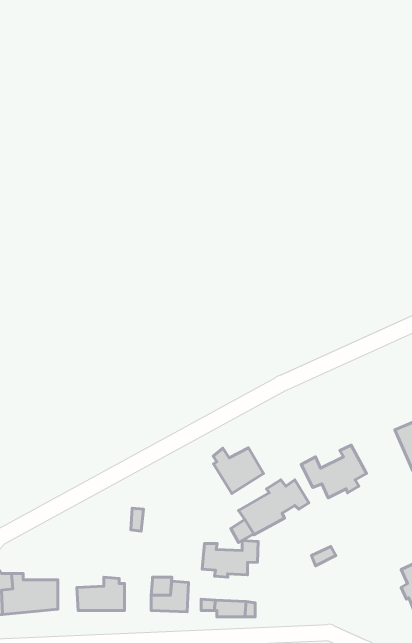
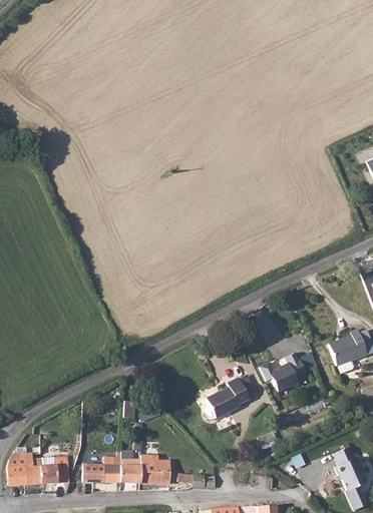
building: [213,448,264,493] -> none
building: [202,541,258,577] -> none
building: none -> [119,457,141,481]

